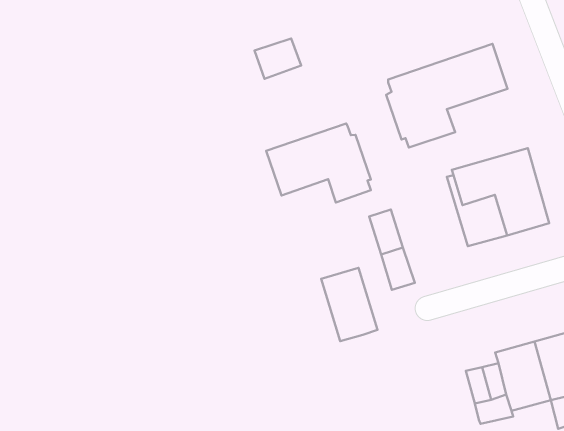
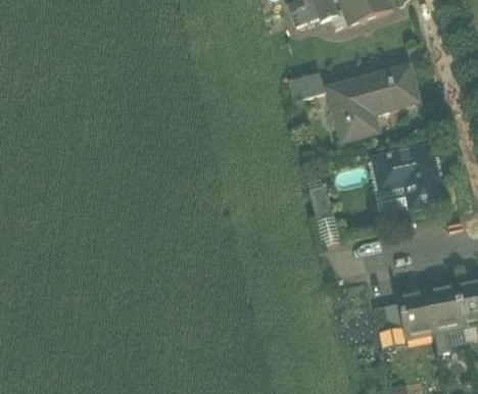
building: [255,39,301,79] -> [290,72,324,101]
building: [266,123,371,202] -> none
building: [321,268,377,341] -> none

